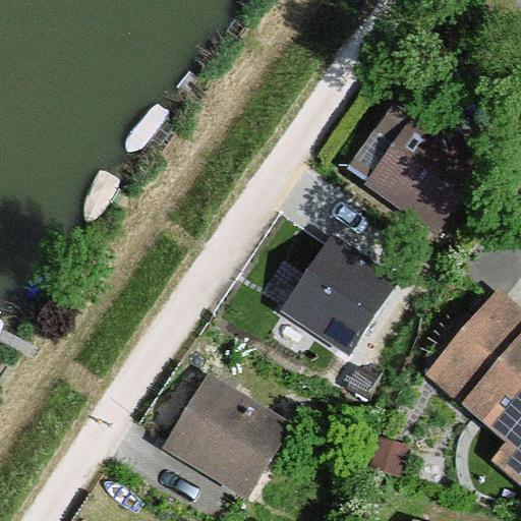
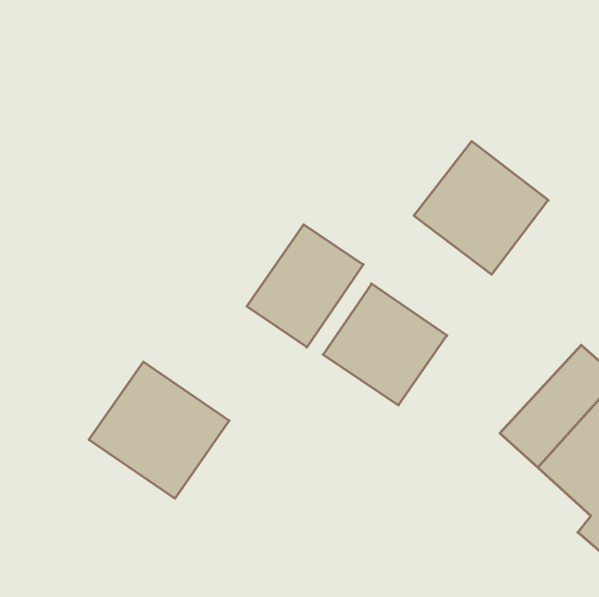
building: none -> [247,225,363,347]
building: [163,375,284,494] -> [89,362,229,498]

